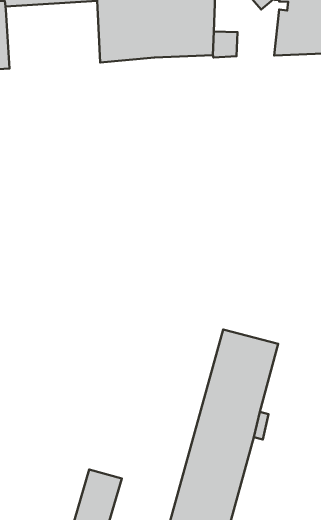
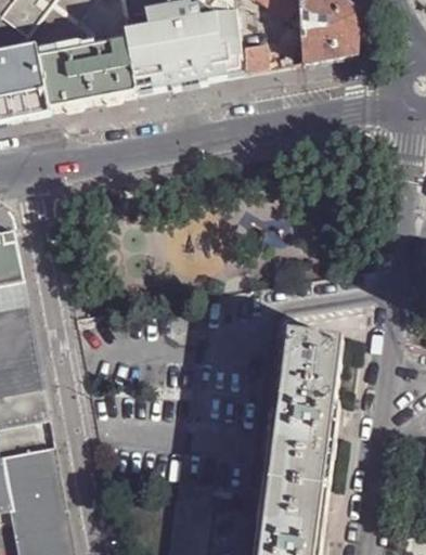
building: none -> [38,40,134,109]

